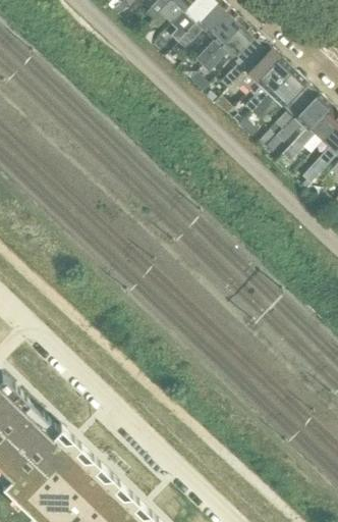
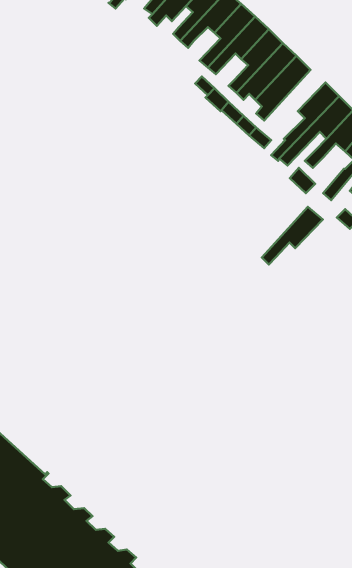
building: [249,73,303,124] -> [262,207,323,264]

